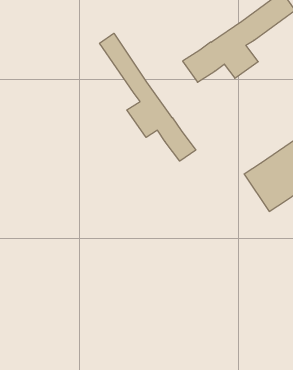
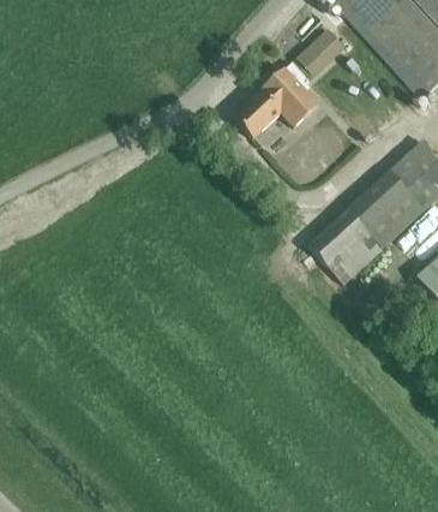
building: [100,33,196,161] -> none

